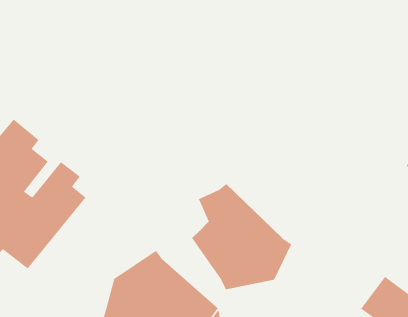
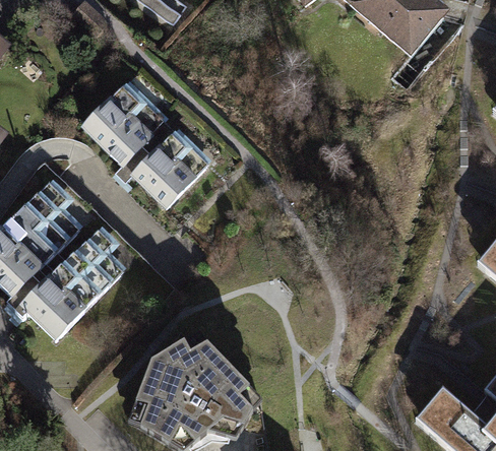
building: none -> [81,78,215,209]
building: [191,183,292,290] -> none

